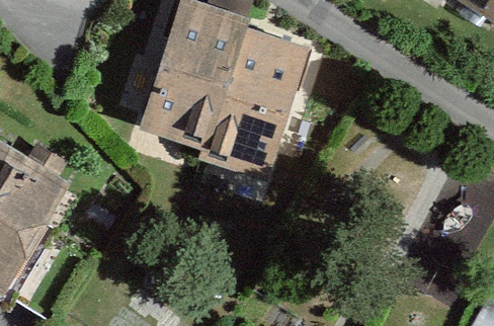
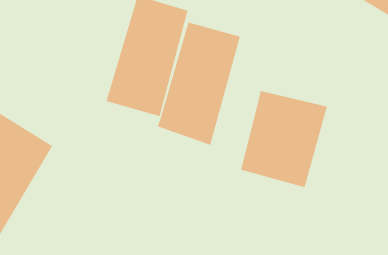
building: none -> [240,90,328,188]

